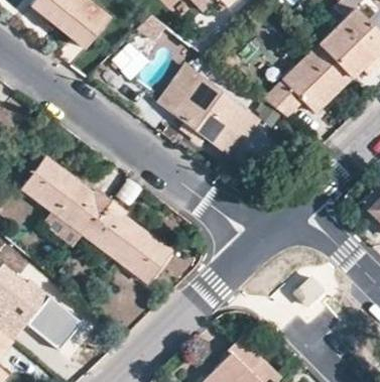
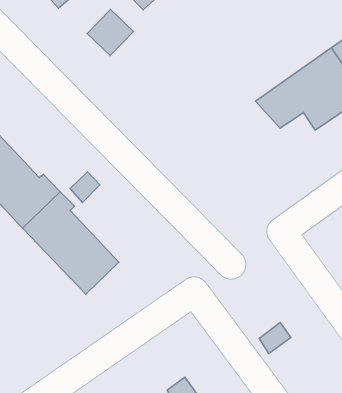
building: [157,66,258,156] -> none

